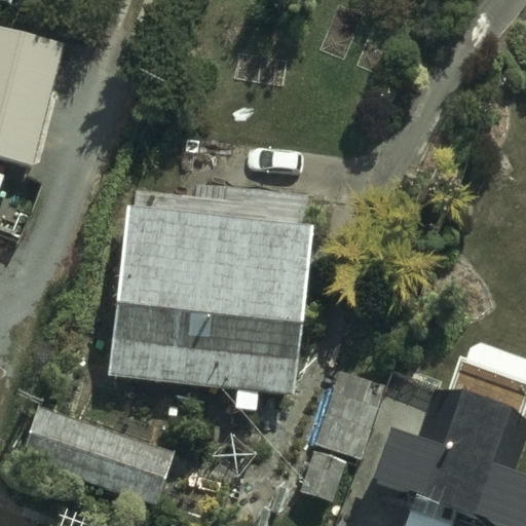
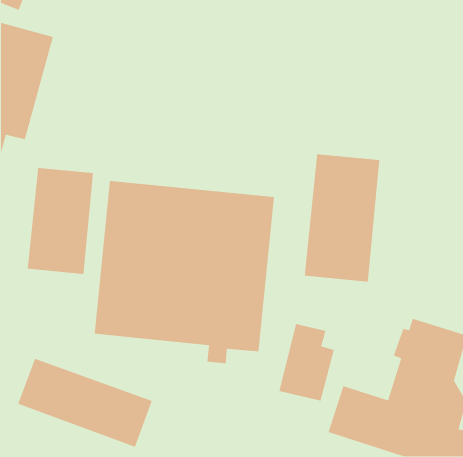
building: none -> [304,154,380,282]
building: none -> [27,167,94,275]

